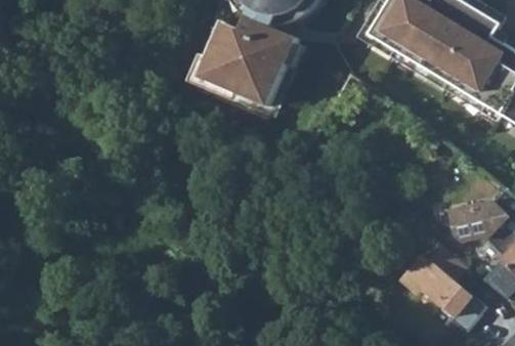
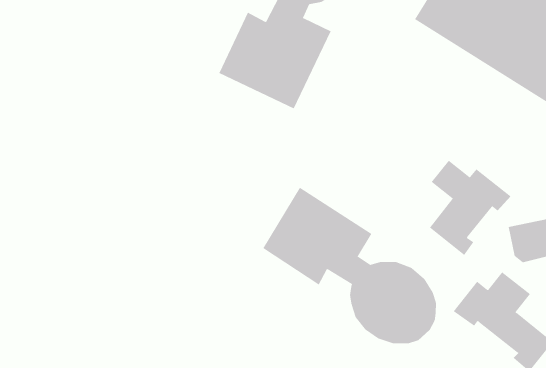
building: none -> [429,160,512,256]
building: none -> [262,187,436,344]

